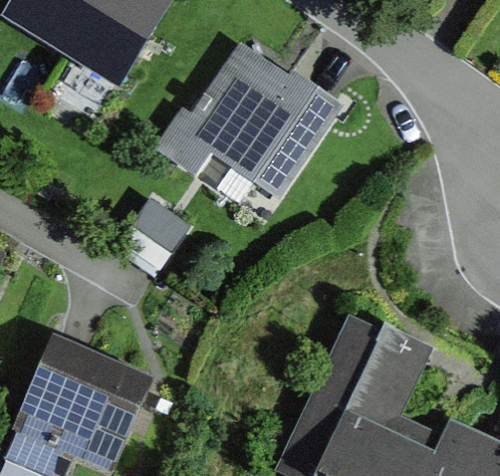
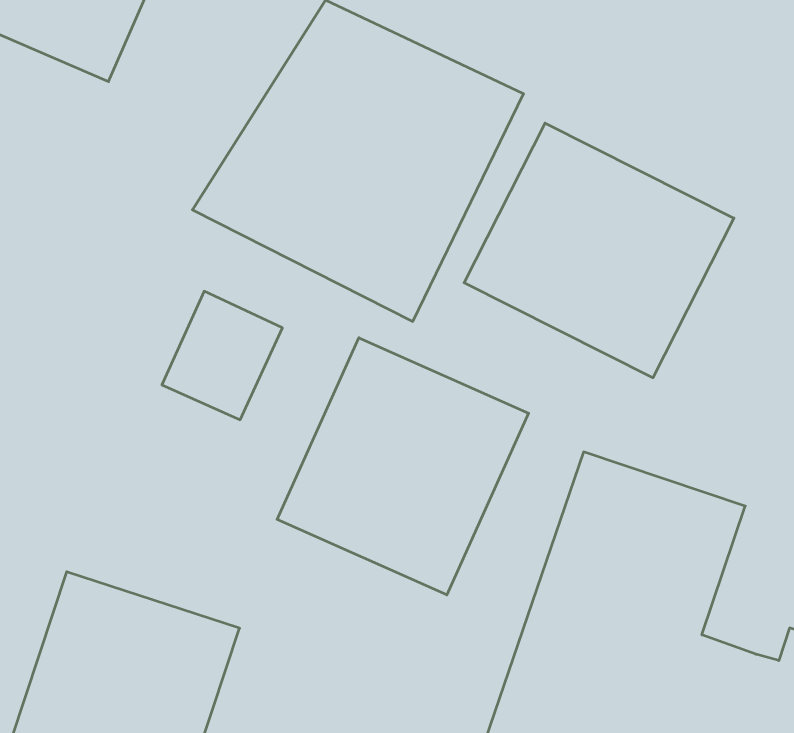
building: none -> [464,123,734,378]
building: none -> [277,338,529,595]

